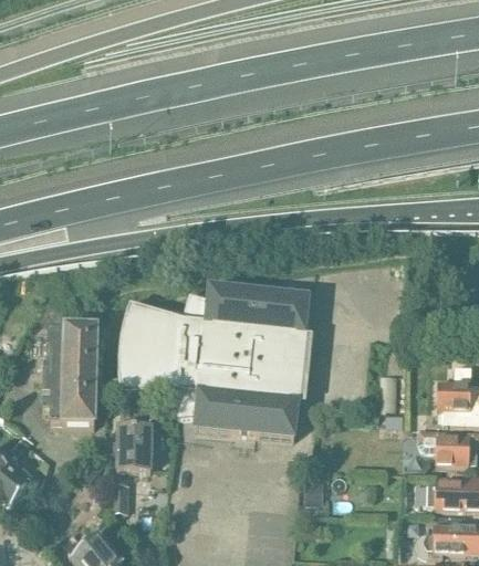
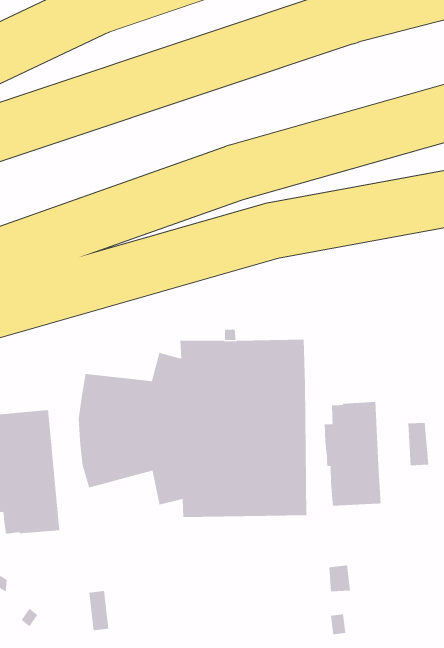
building: none -> [324,401,381,507]
building: [117,407,158,470] -> none

